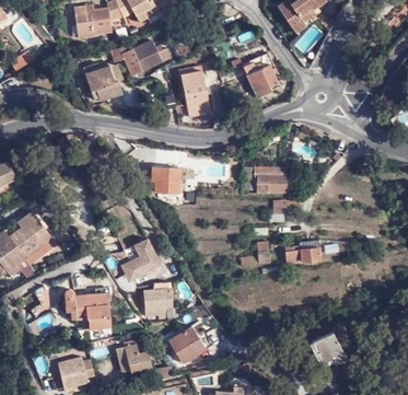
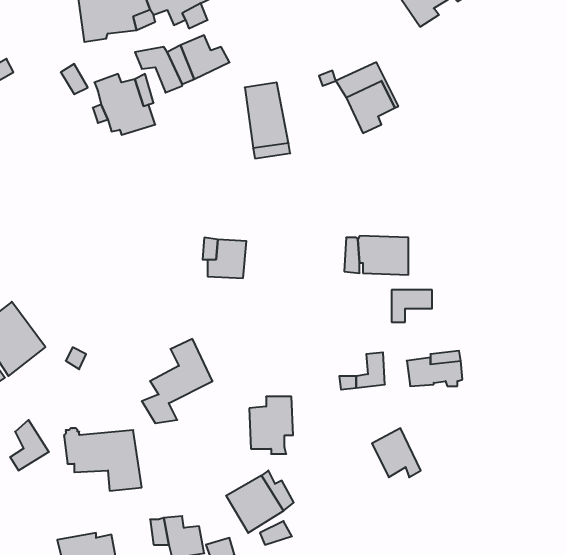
building: [144,279,173,316] -> [249,397,293,454]
building: [314,330,346,362] -> [372,428,421,477]

